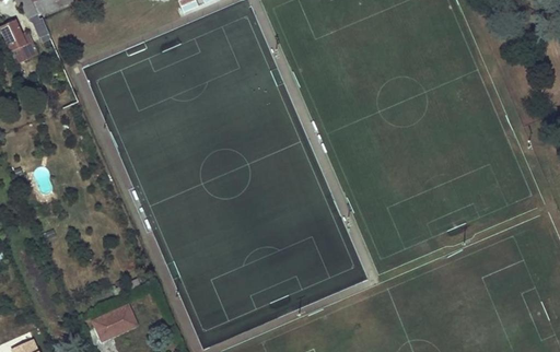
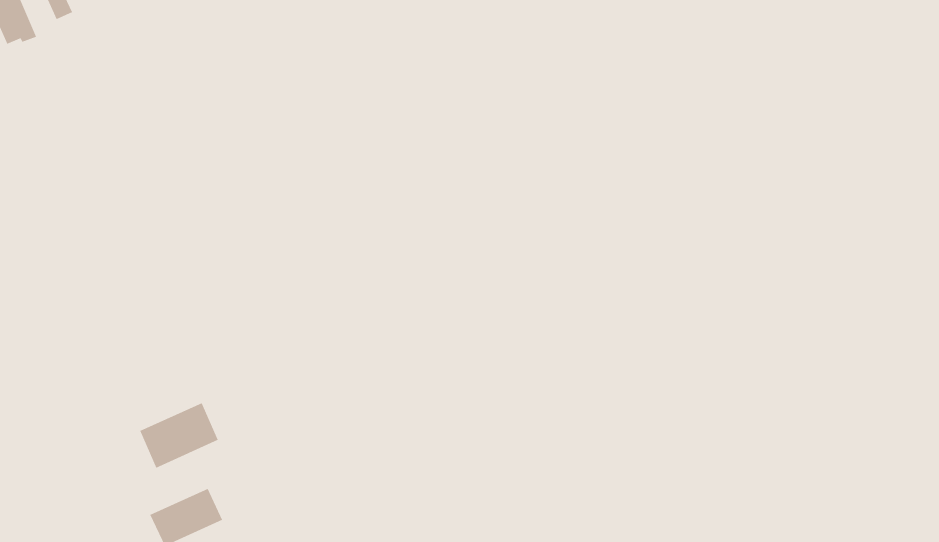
building: none -> [139,402,219,469]

